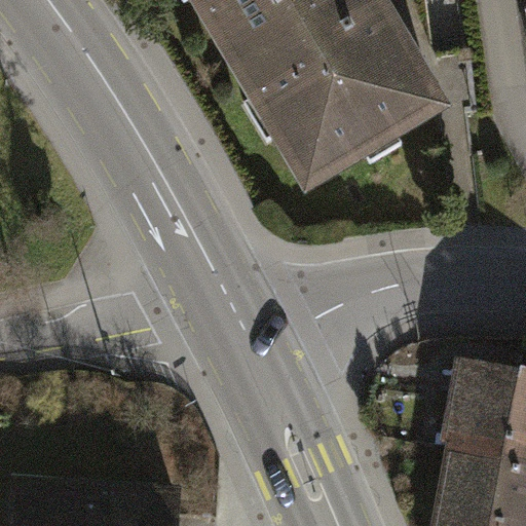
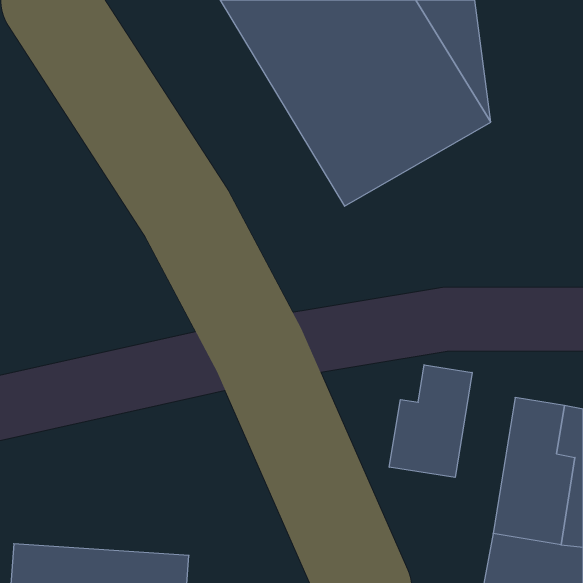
building: none -> [389,365,472,477]

